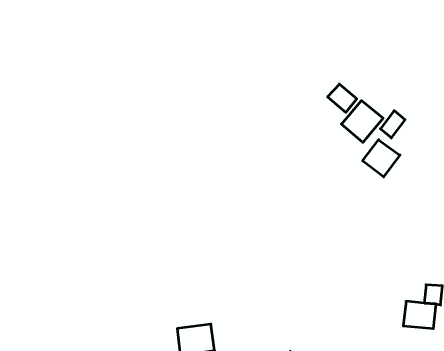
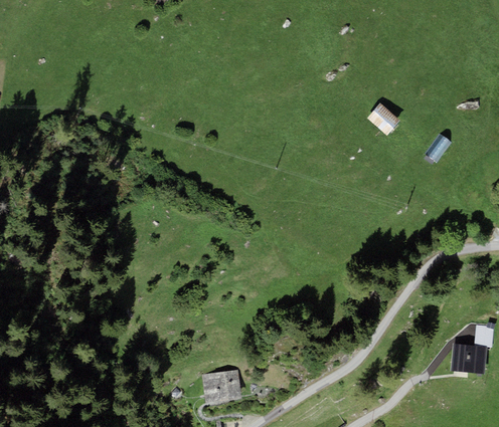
building: [341,101,383,142] -> none
building: [363,140,400,177] -> none

